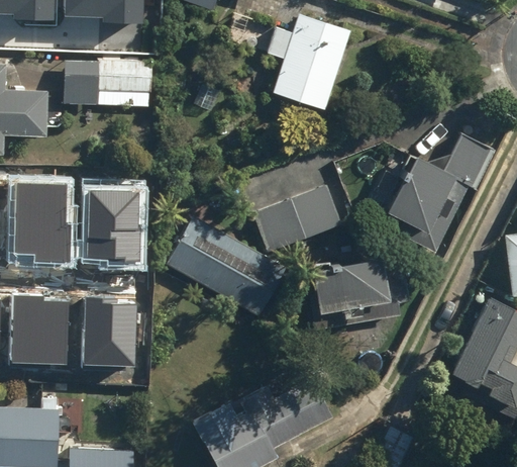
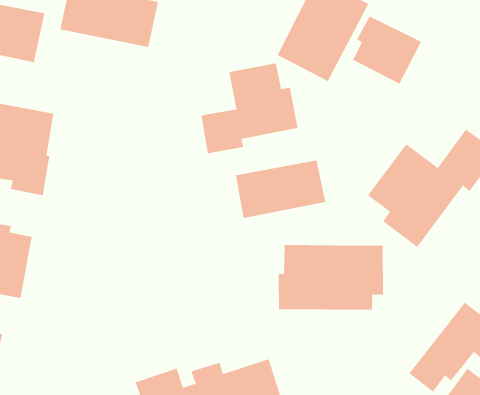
building: none -> [353,15,422,85]
building: none -> [201,62,298,154]
building: [87,192,148,262] -> none
building: [163,216,282,316] -> none
building: [86,298,138,365] -> none

